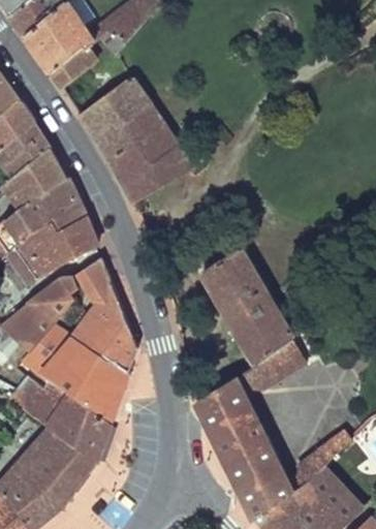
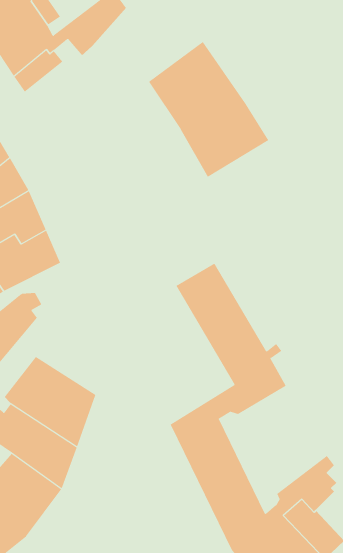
building: [79,75,192,204] -> [148,41,269,178]
building: [71,258,136,372] -> none

